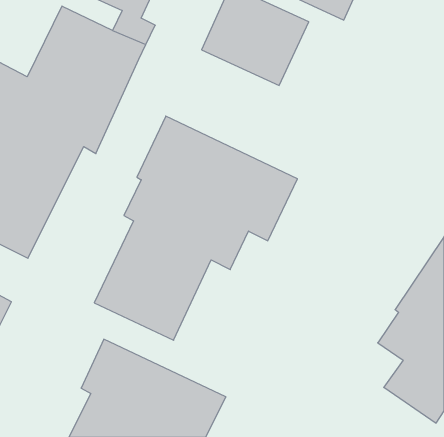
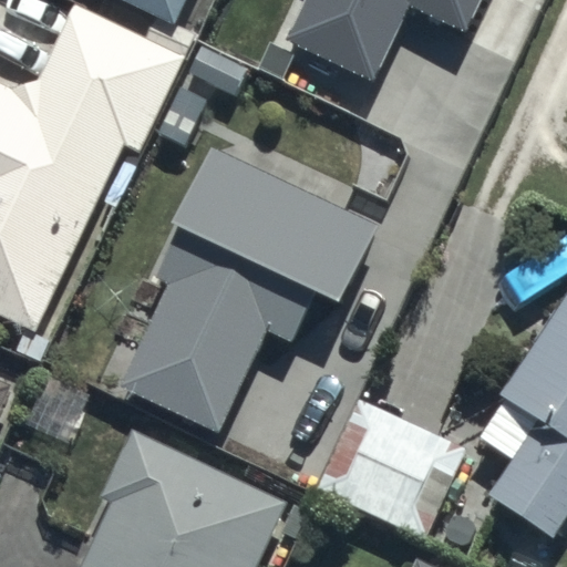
building: none -> [315,396,467,537]

